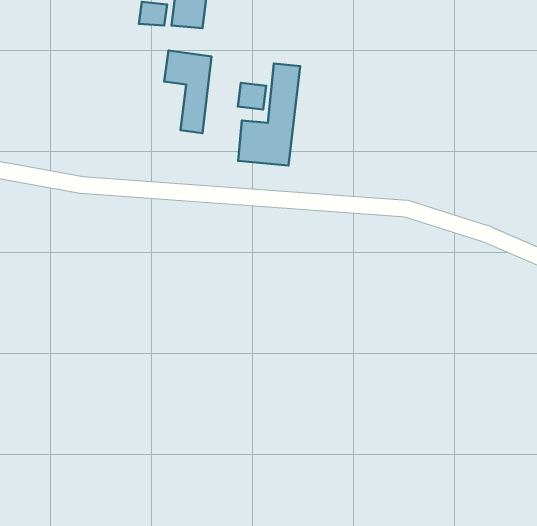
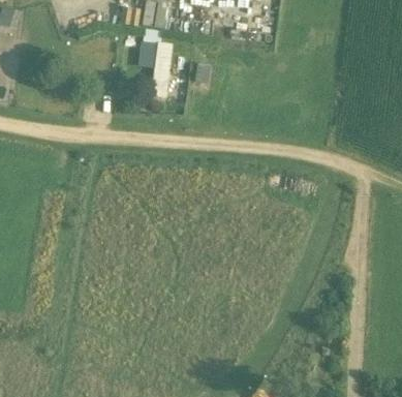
building: [238,64,300,165] -> none

